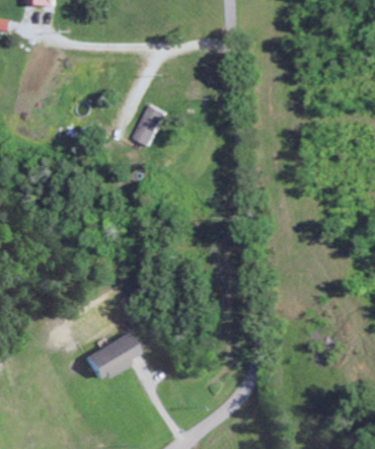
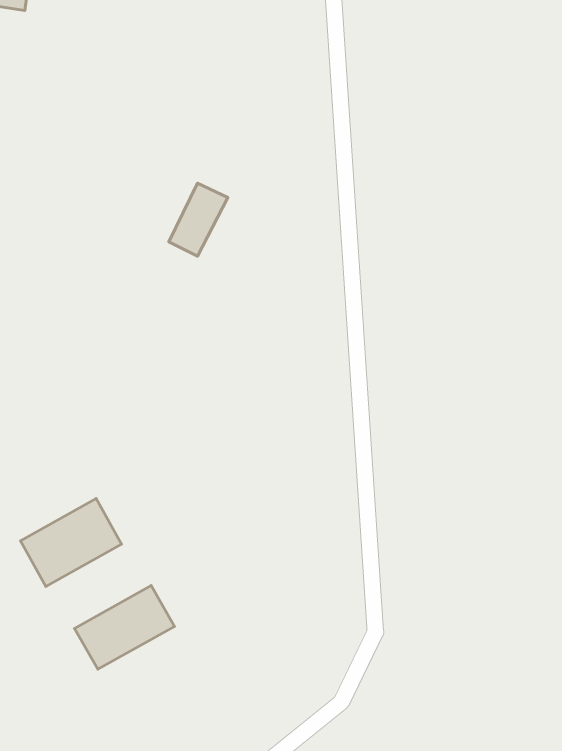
building: none -> [20,499,121,587]

